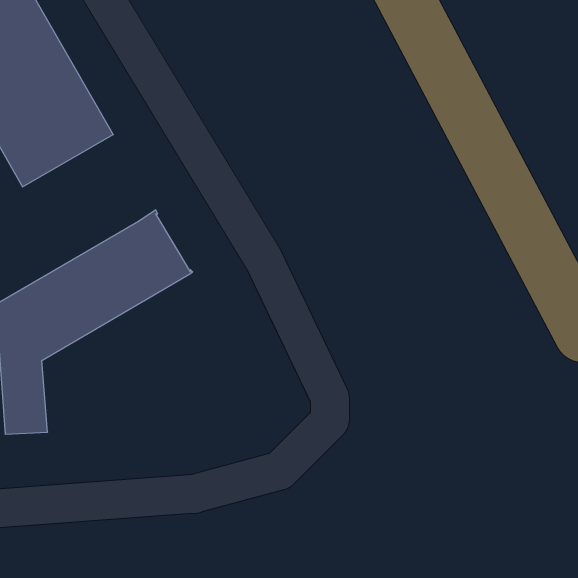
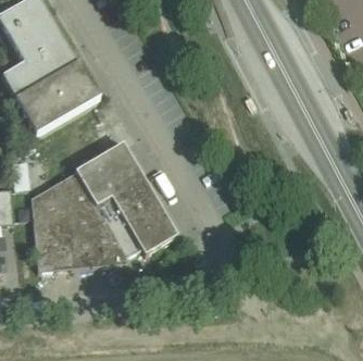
building: none -> [59,179,176,269]

